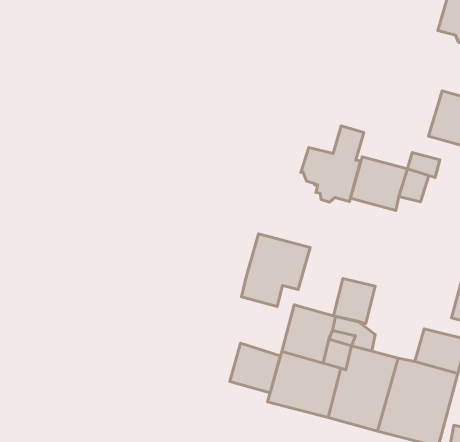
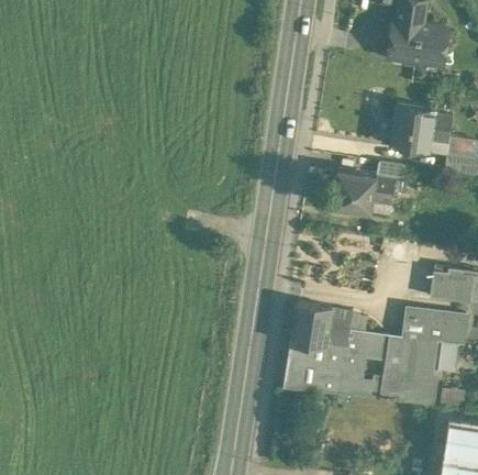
building: [301,126,364,202] -> none
building: [241,234,310,307] -> none
building: [333,278,375,324] -> none
building: [230,343,280,393] -> none

